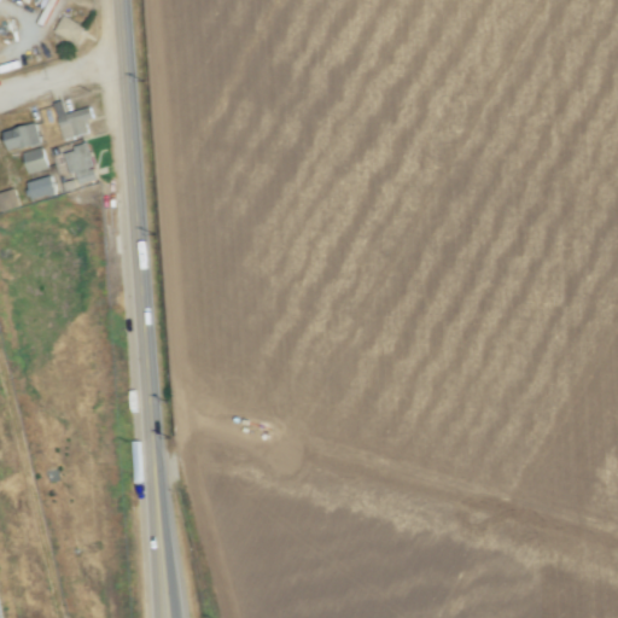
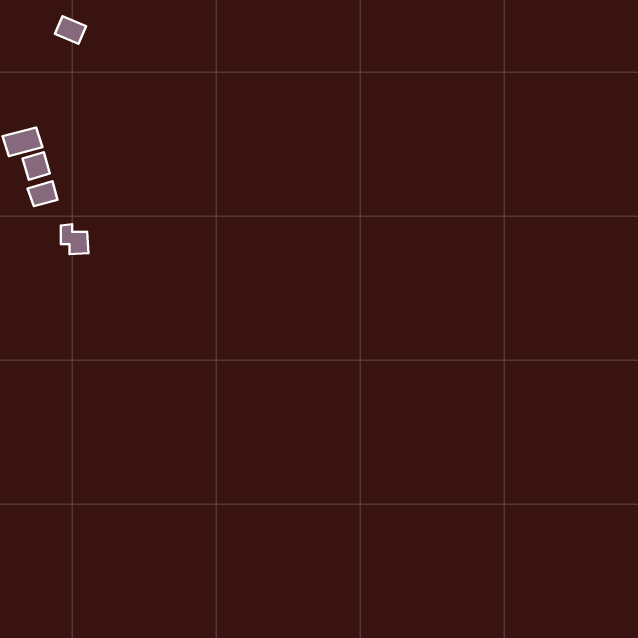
building: [57,107,93,140] -> none
building: [69,153,95,182] -> [61,224,88,254]

